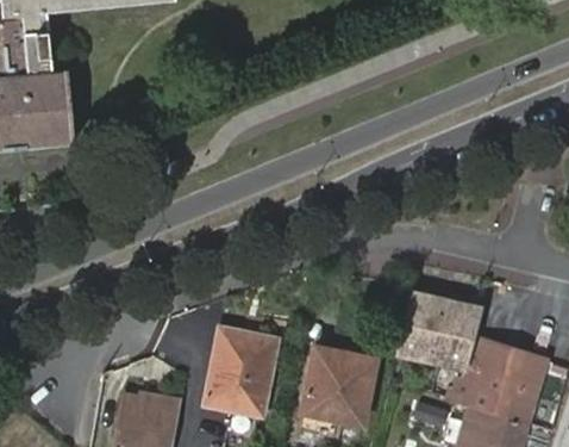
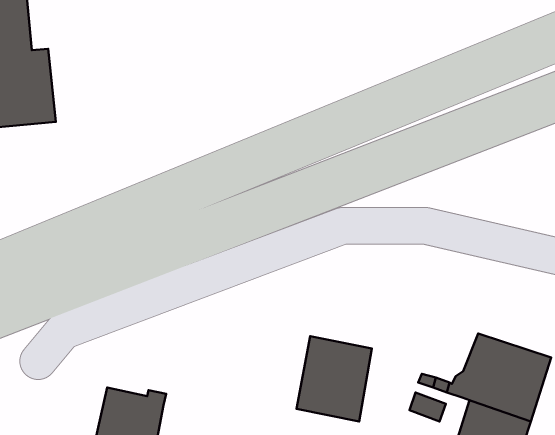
building: [395,292,480,370] -> none
building: [200,335,275,412] -> none

